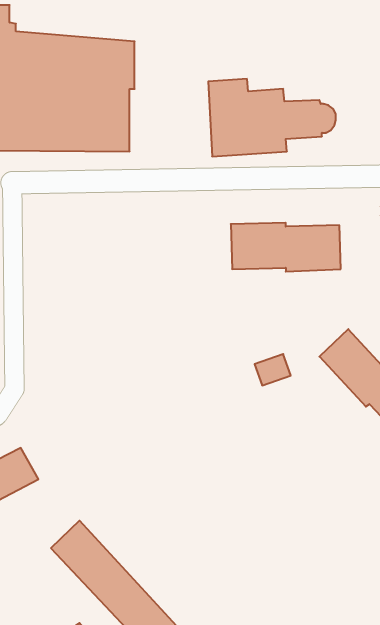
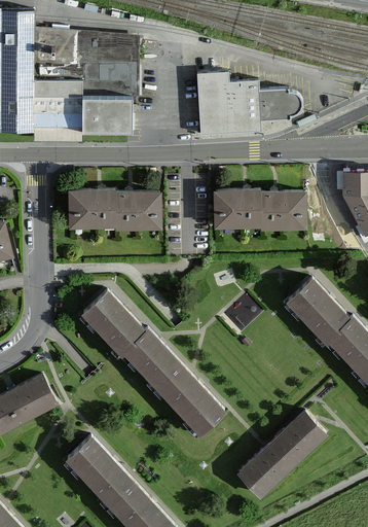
building: none -> [70,190,159,231]
building: none -> [82,289,223,432]
building: none -> [238,412,326,495]

